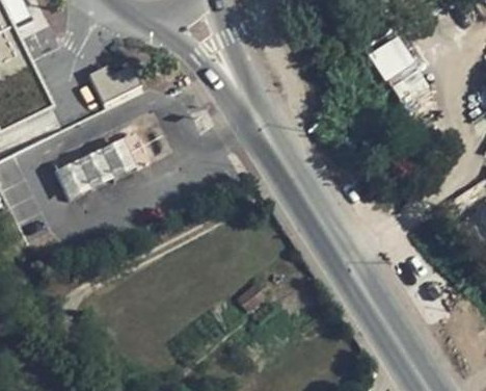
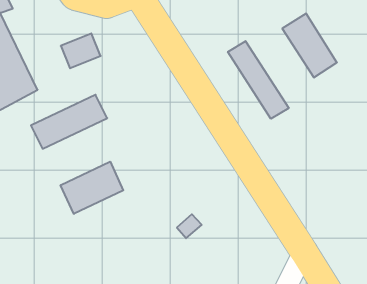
building: none -> [228,41,289,119]
building: none -> [61,162,123,214]

